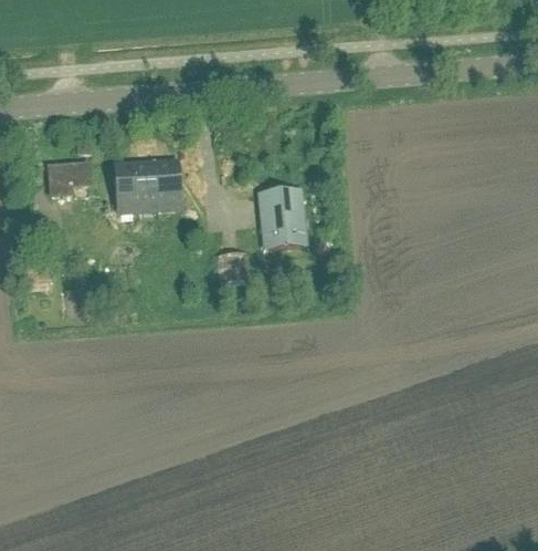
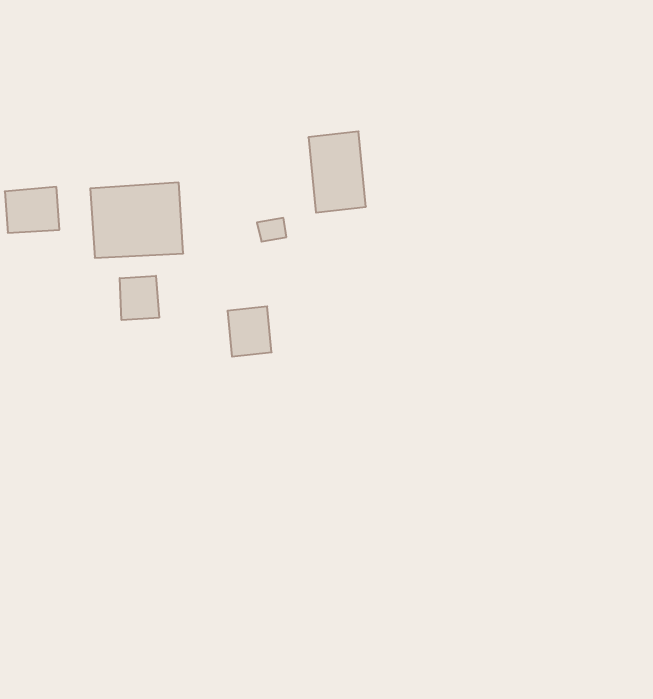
building: [261,187,304,248] -> [308,131,366,213]
building: none -> [120,276,159,320]

